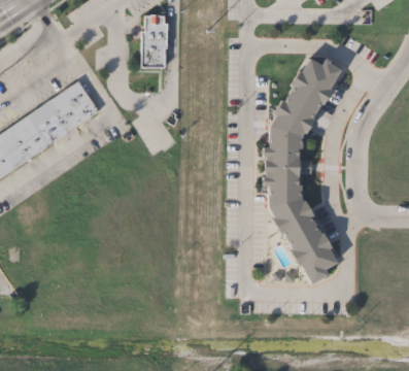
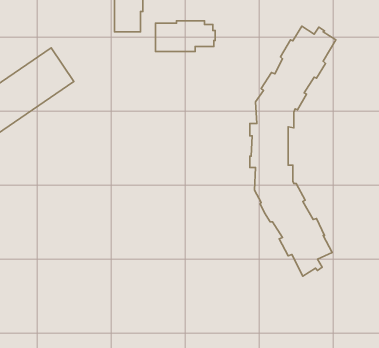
building: none -> [156,21,215,52]

